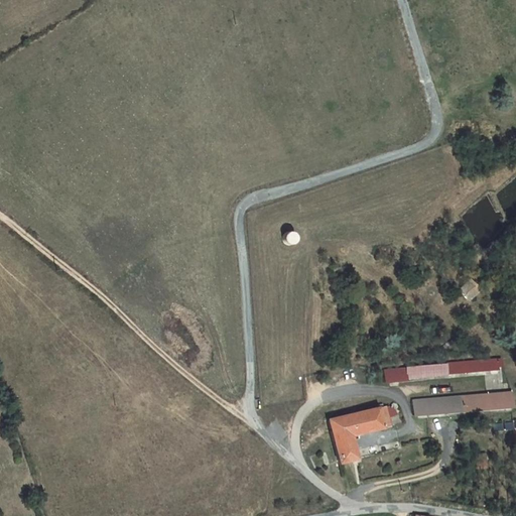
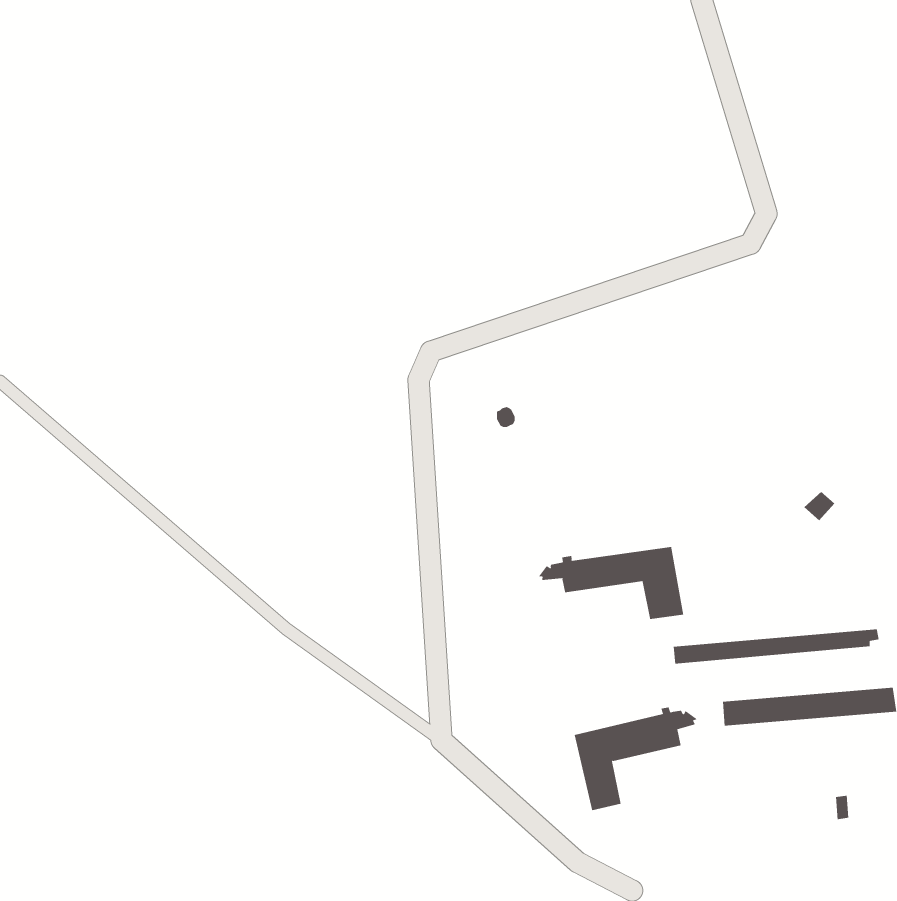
building: none -> [538,546,684,620]

